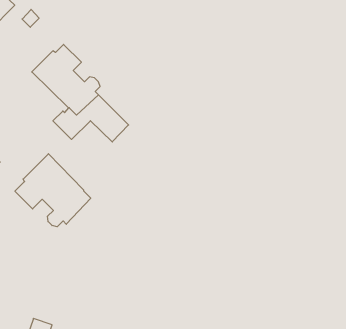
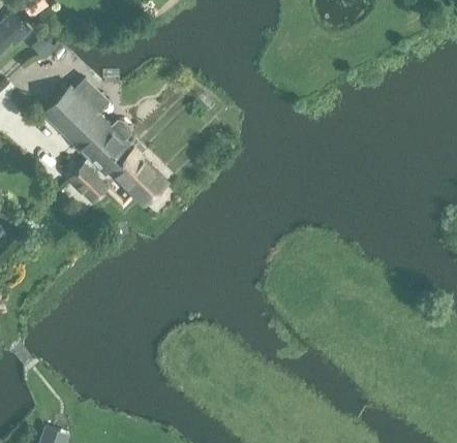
building: [15,154,91,227] -> none

